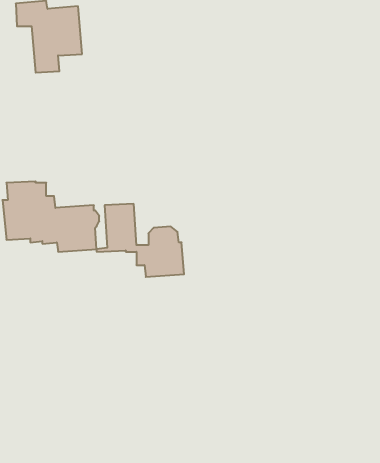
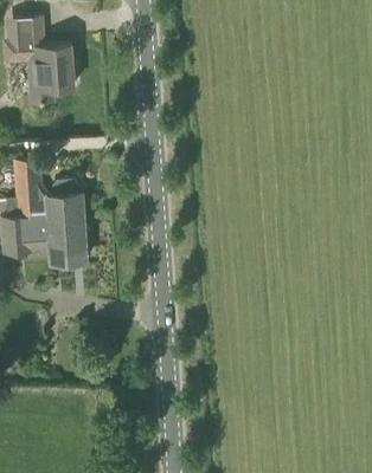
building: [97,204,184,277] -> [6,160,84,225]

